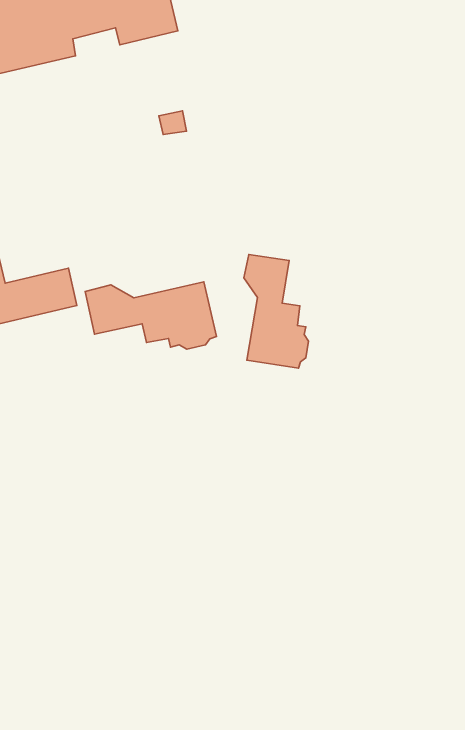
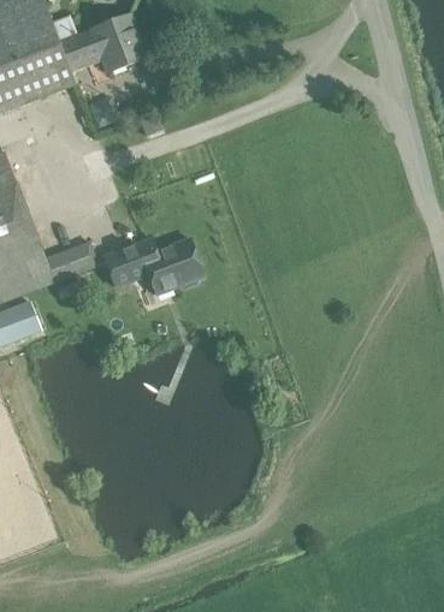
building: [244,255,309,368] -> none

